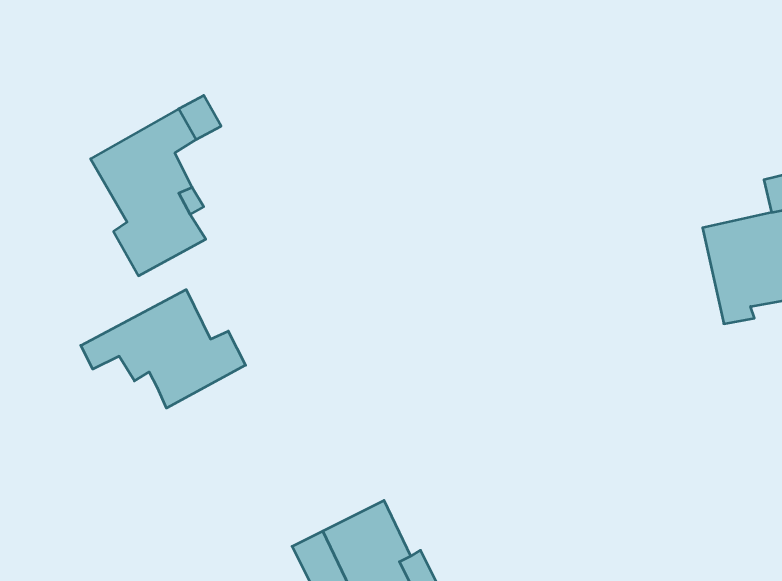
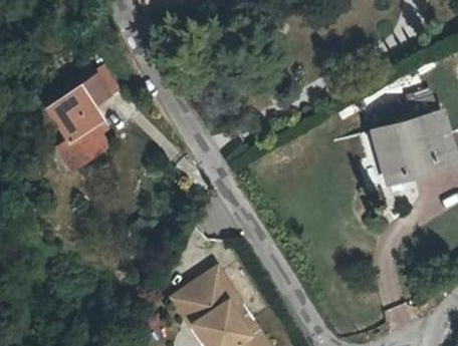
building: [81,290,246,408] -> none

